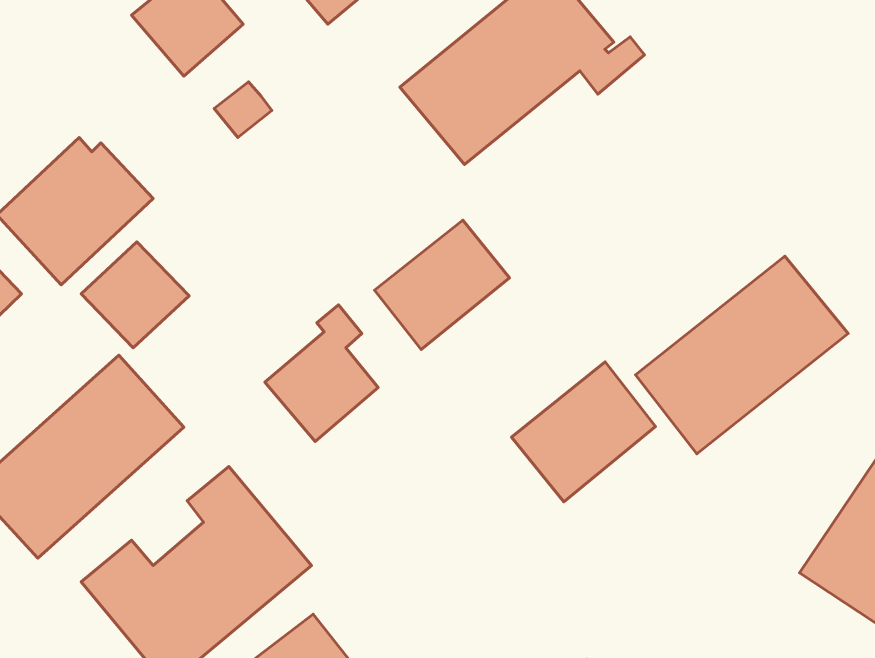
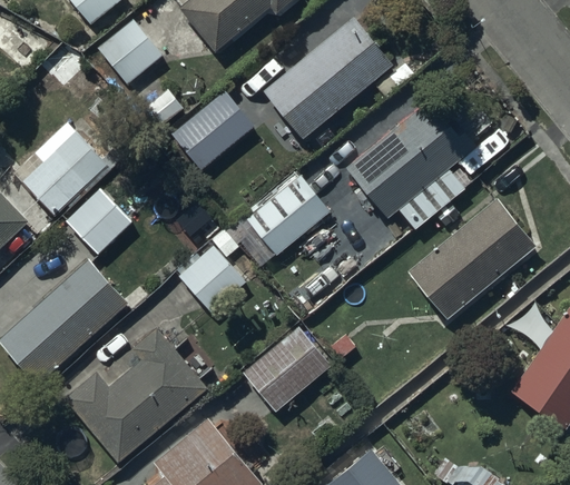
building: none -> [170,91,253,170]
building: none -> [346,100,478,230]
building: [511,362,656,502] -> [242,326,331,413]

